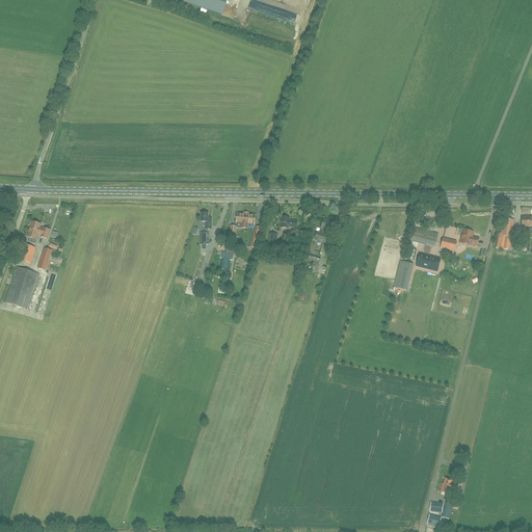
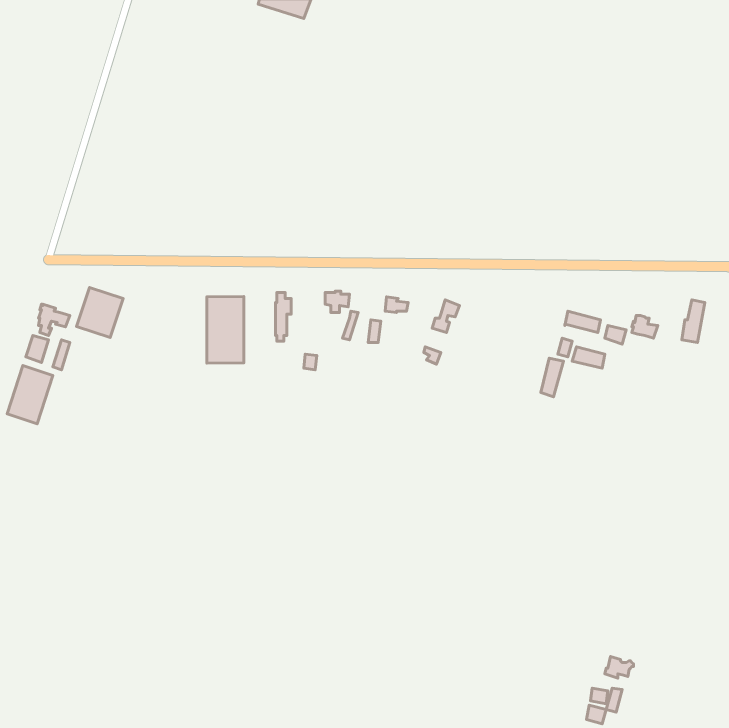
building: none -> [77,287,123,337]
building: none -> [207,296,244,363]

